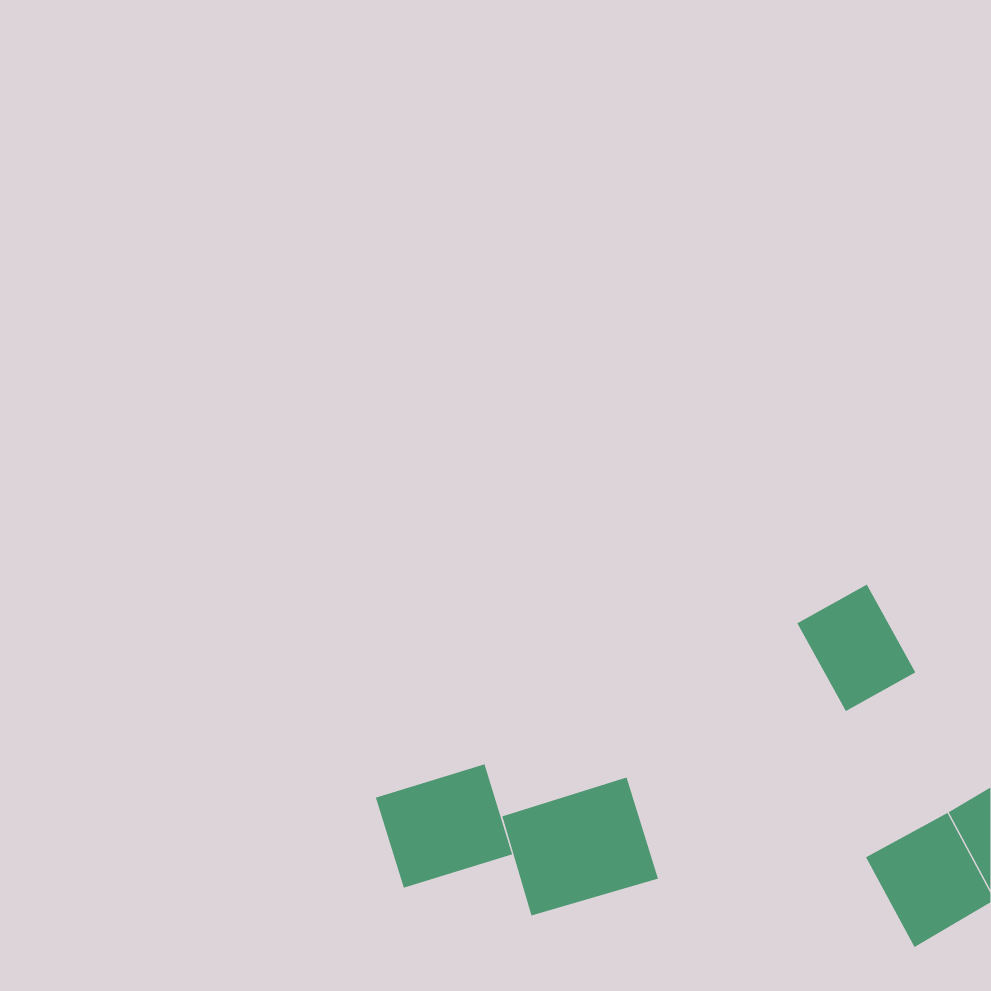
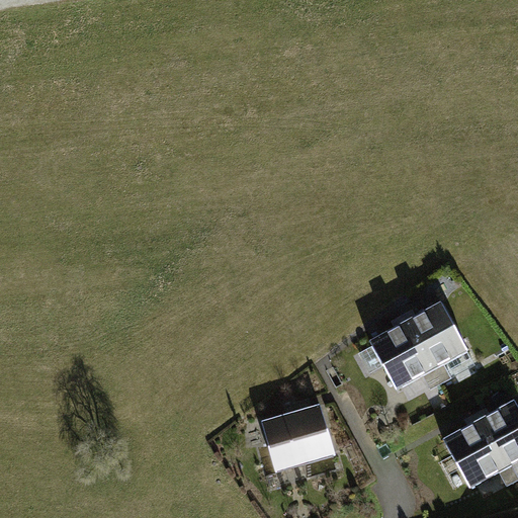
building: none -> [367,321,435,390]
building: [375,763,513,888] -> none

